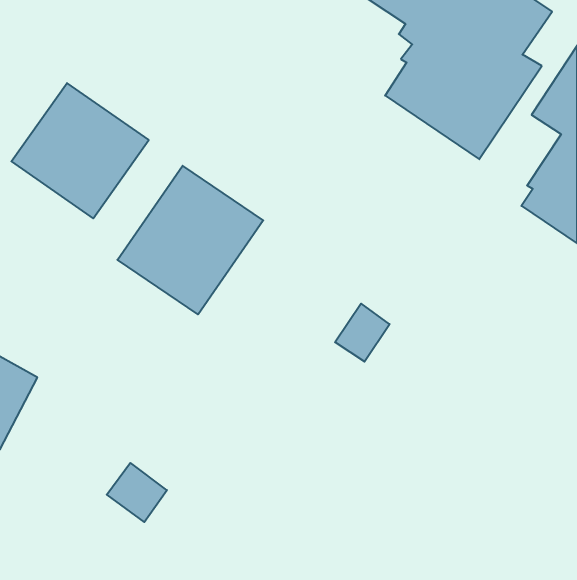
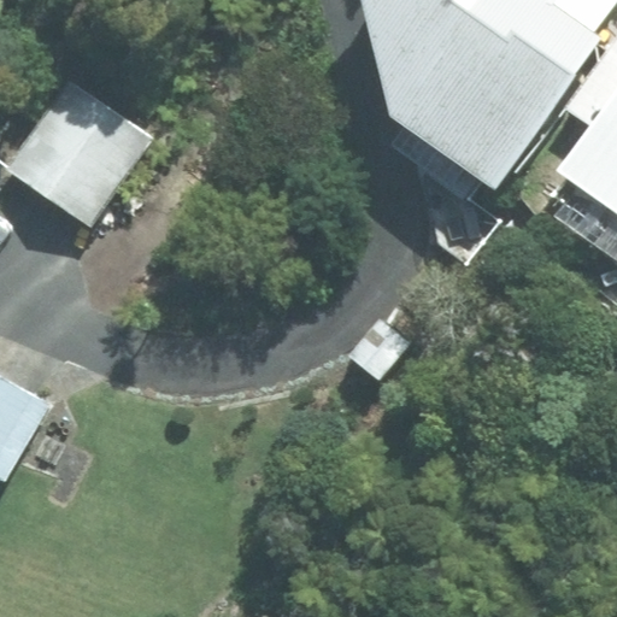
building: [117,166,263,314] -> none

